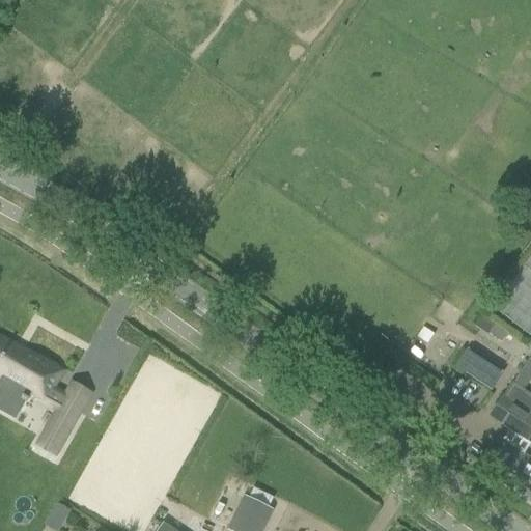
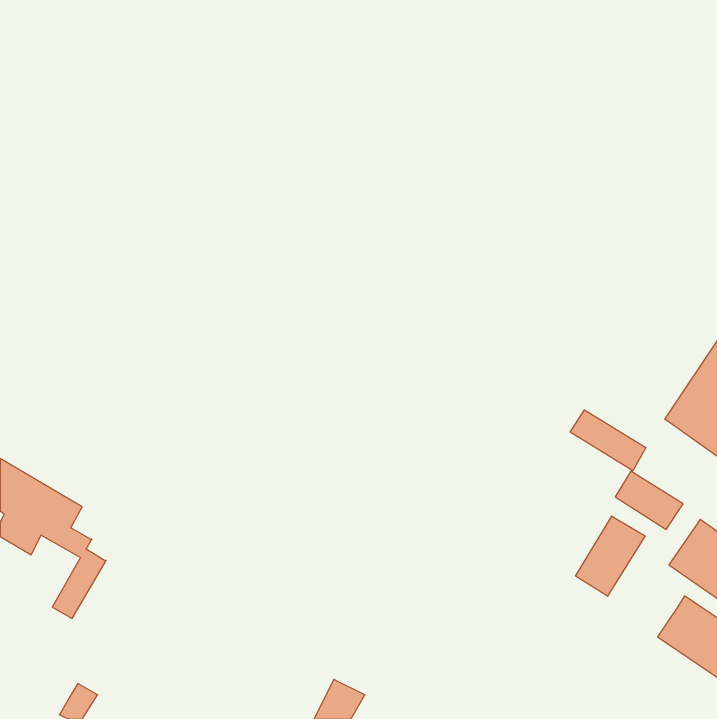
building: none -> [570,410,646,471]
building: none -> [576,516,645,596]

